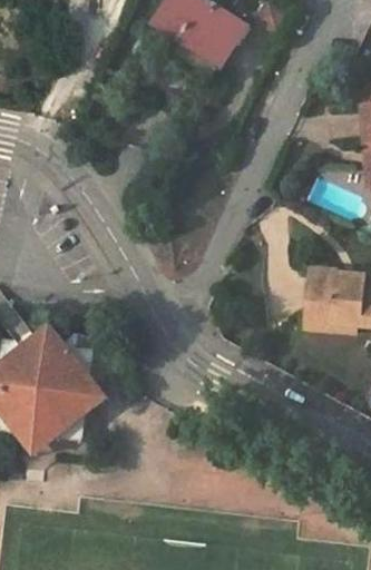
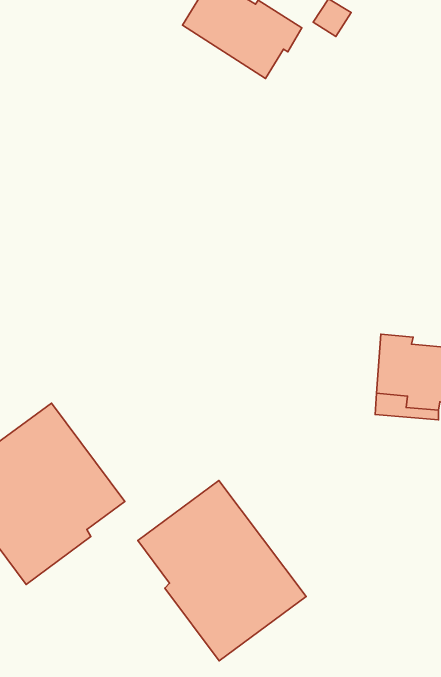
building: none -> [138,480,306,661]

